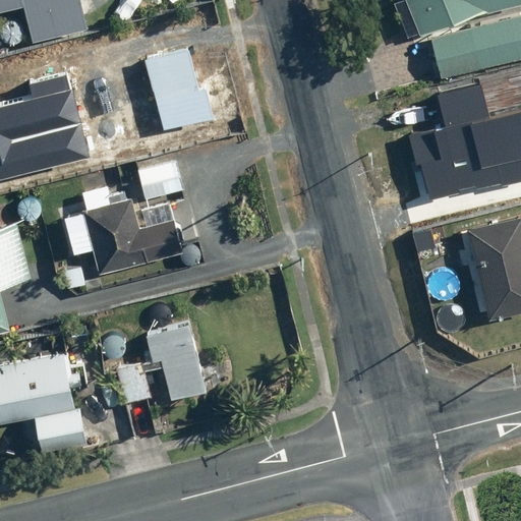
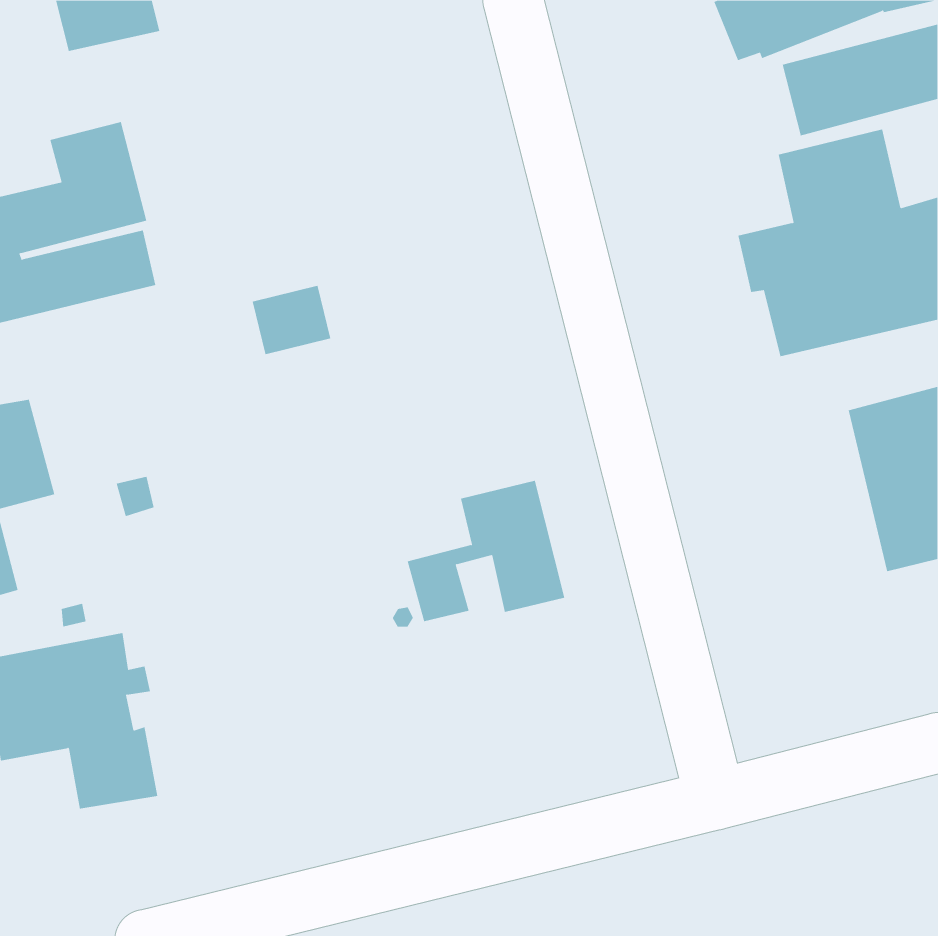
building: [141,51,212,136] -> none
building: [65,185,184,272] -> none
building: [118,324,206,402] -> [407,480,565,622]

